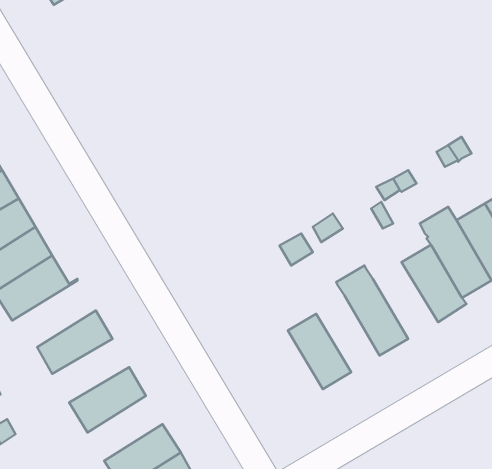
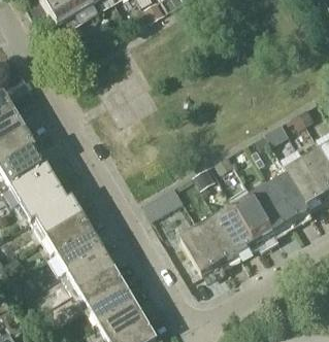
building: none -> [253,183,293,231]
building: none -> [30,195,81,236]
building: none -> [218,204,257,251]
building: none -> [182,226,222,273]
building: none -> [55,231,102,270]
building: none -> [76,266,123,306]

